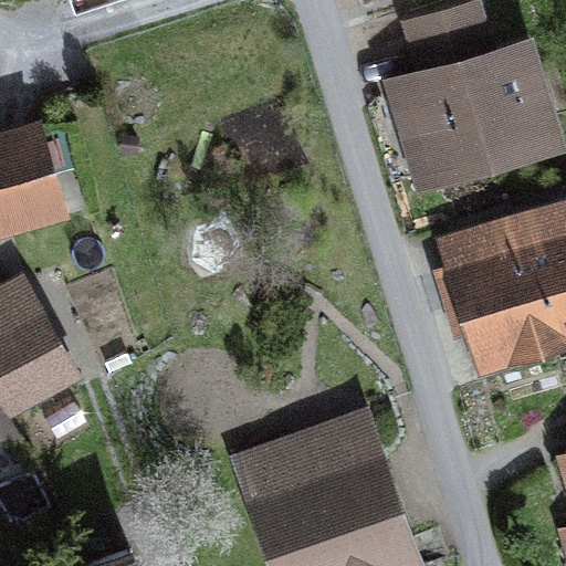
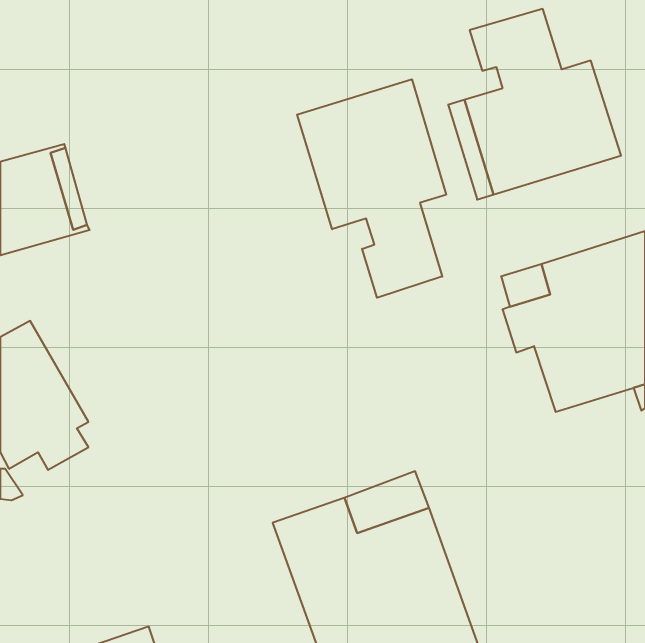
building: none -> [297,79,446,298]

